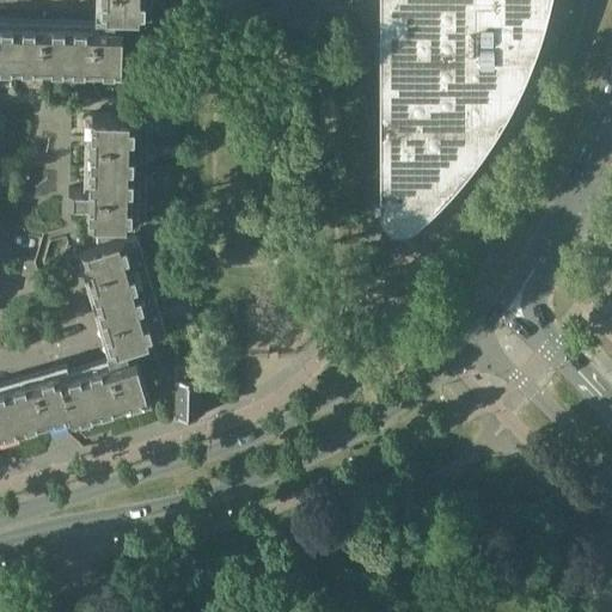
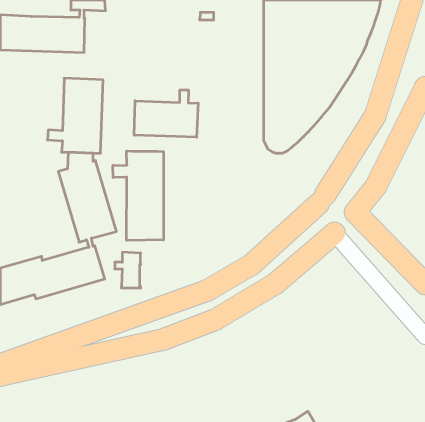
building: none -> [134,90,198,137]
building: none -> [113,151,163,240]

